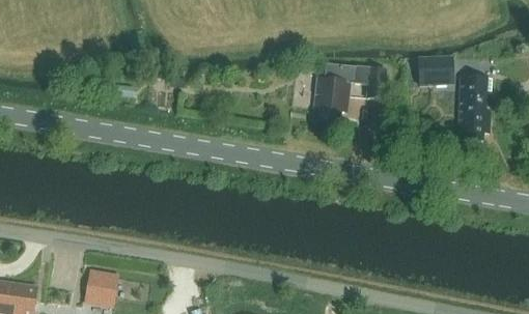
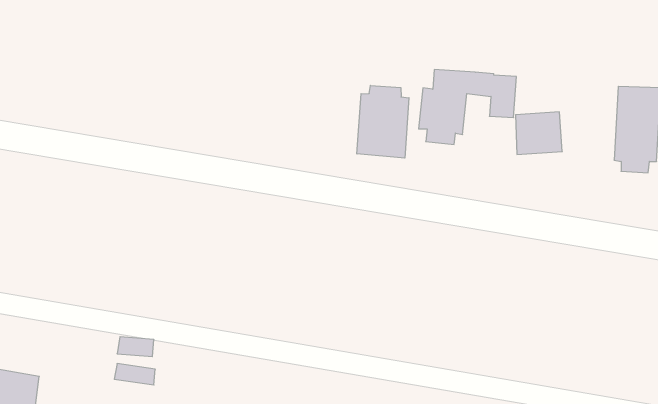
building: [417,56,451,87] -> [516,112,562,154]
building: none -> [357,85,409,158]

